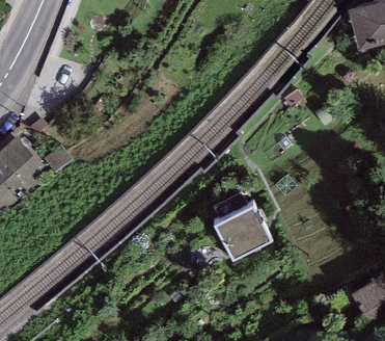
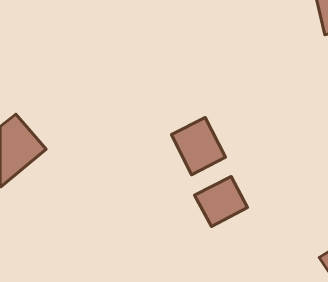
building: none -> [172,118,225,175]

